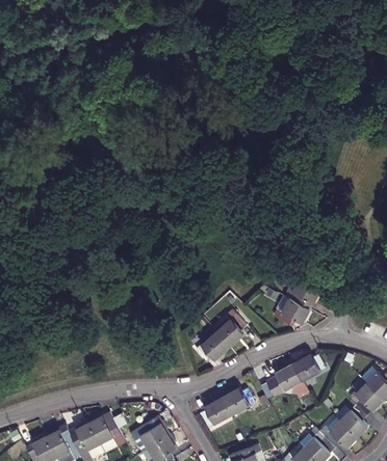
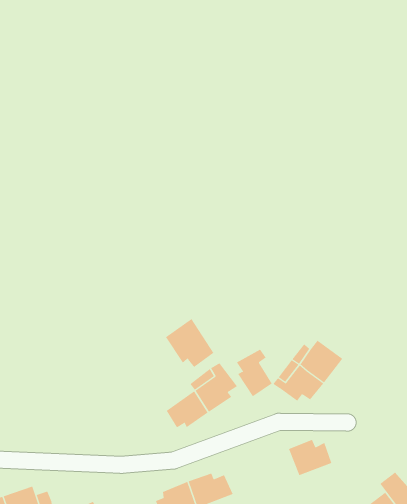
building: none -> [165,318,214,368]
building: none -> [236,349,273,397]
building: [265,362,308,398] -> none

